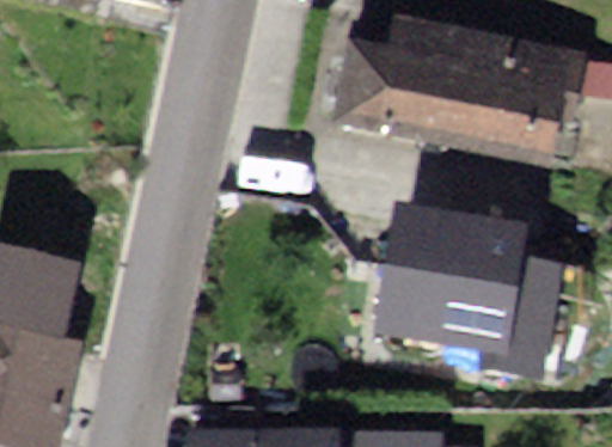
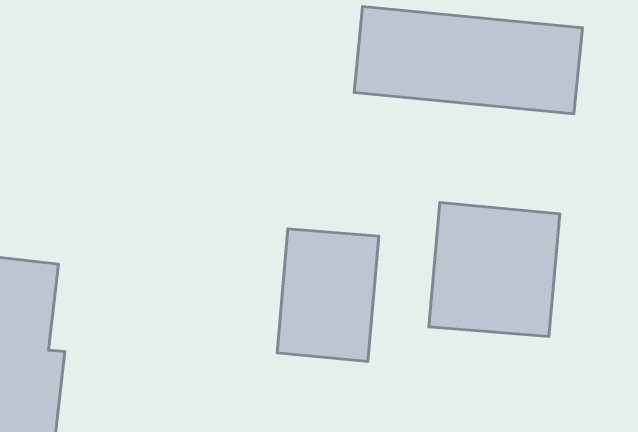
building: none -> [277,229,379,361]

